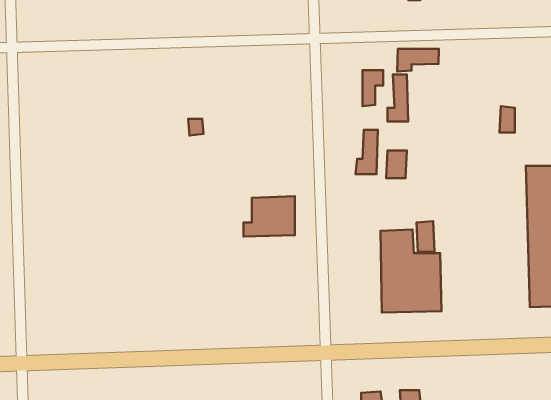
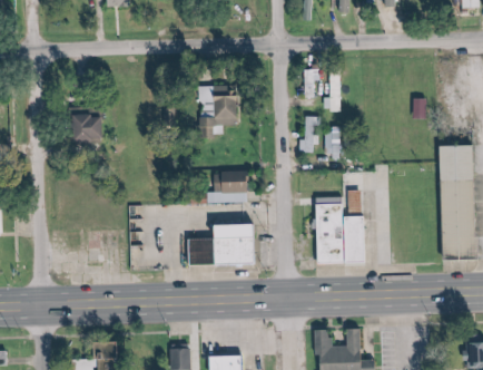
building: [397,49,439,71] -> none
building: none -> [200,85,238,126]
building: none -> [73,108,105,144]
building: none -> [190,225,256,265]

